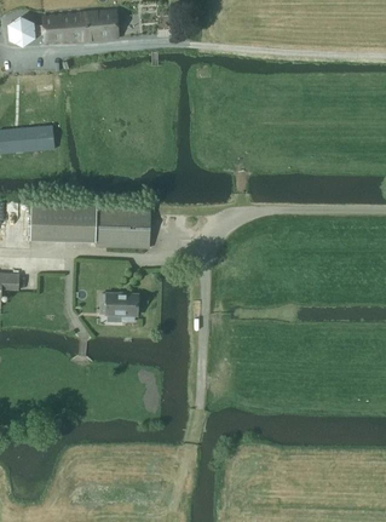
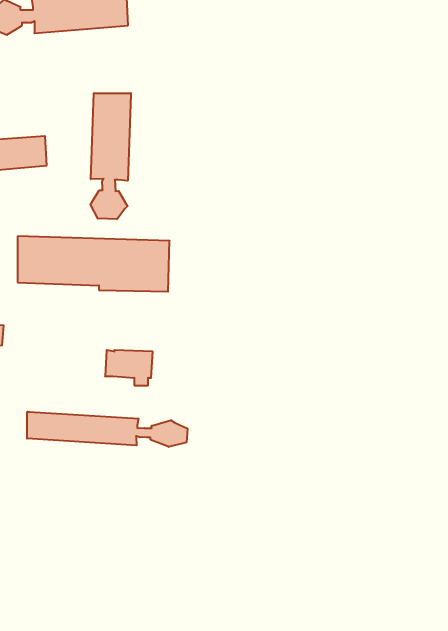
building: none -> [90,93,131,219]
building: none -> [27,412,187,447]

